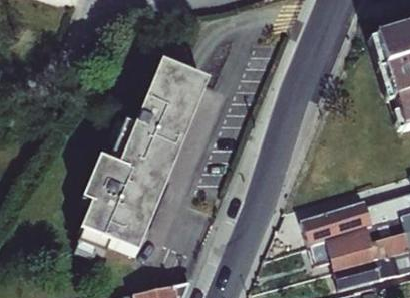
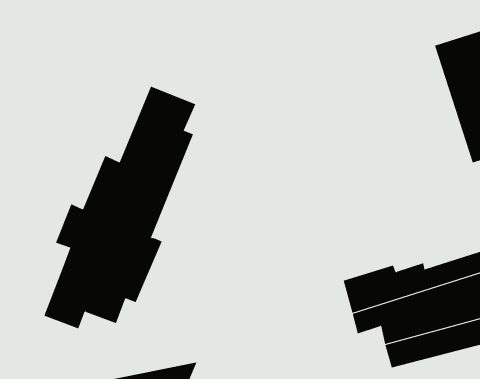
building: [156,66,203,189] -> none

